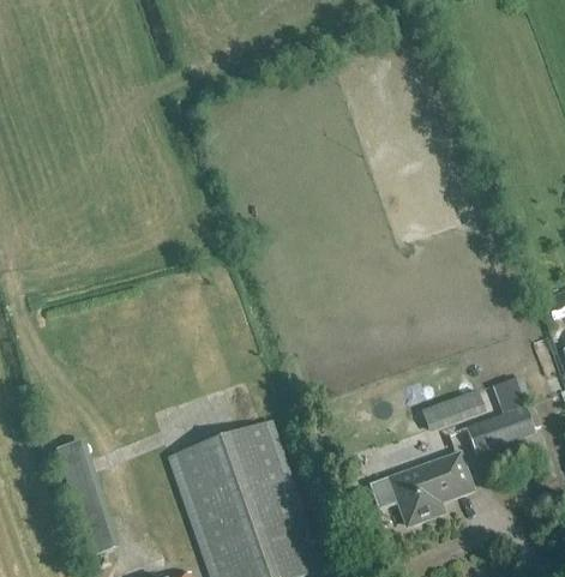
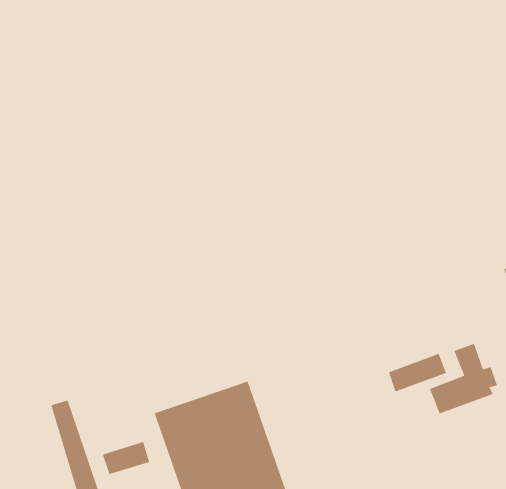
building: [372,453,473,523] -> none
building: none -> [102,441,150,475]

